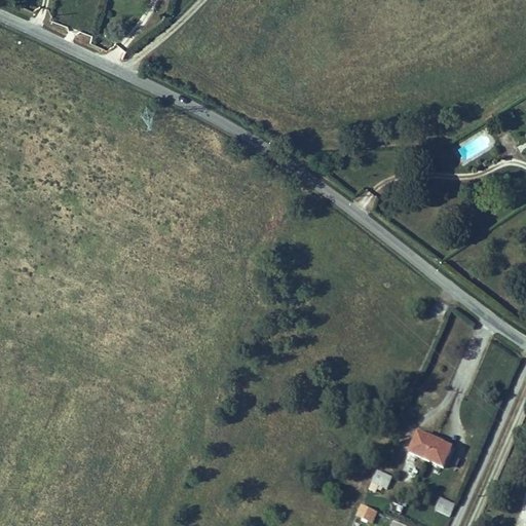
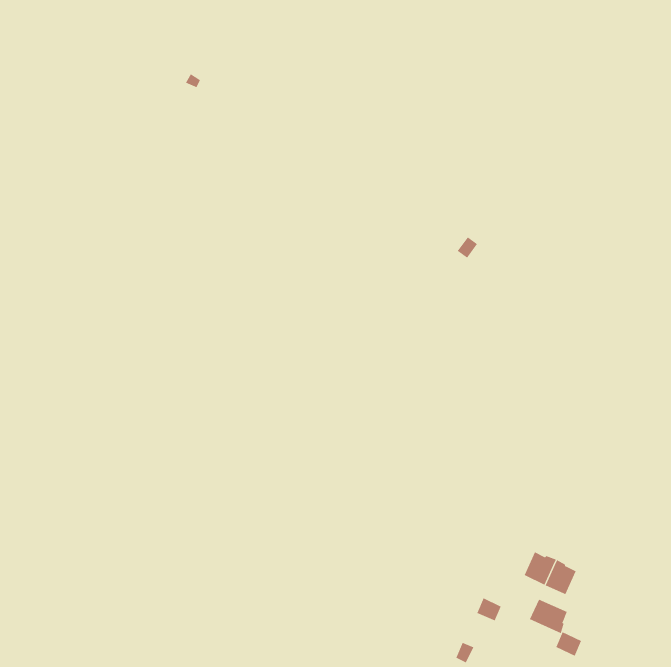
building: none -> [529,599,567,634]

